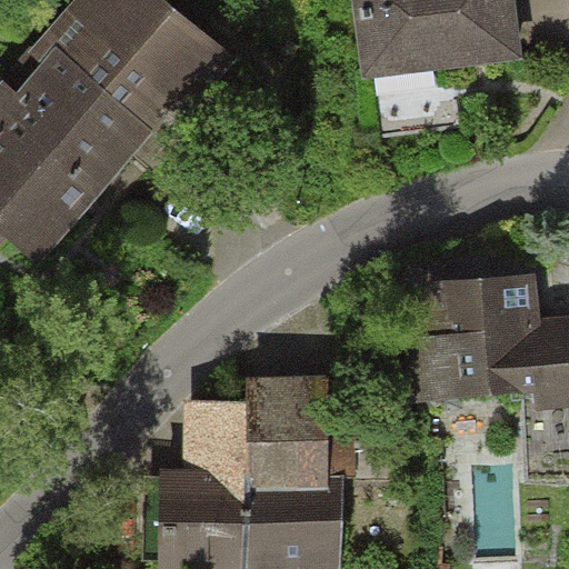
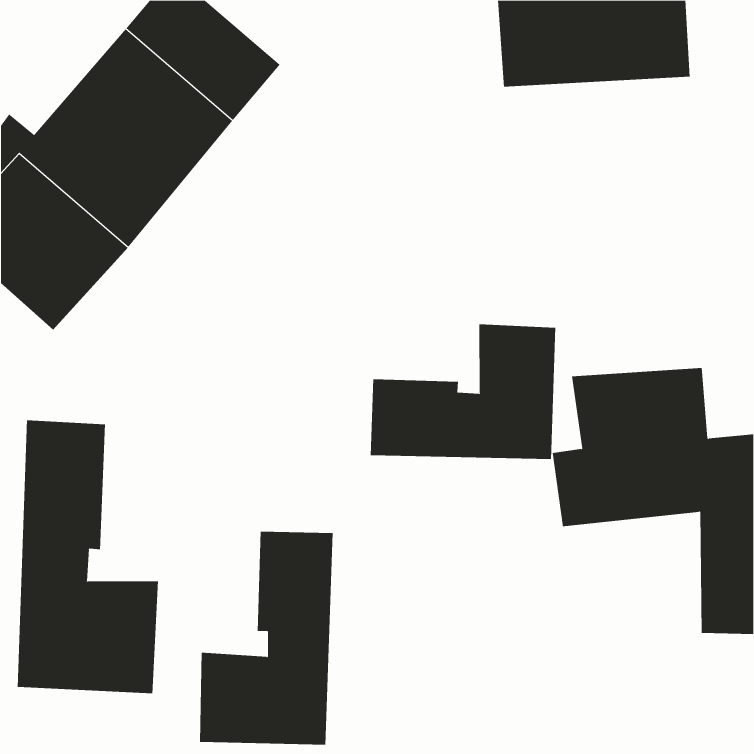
building: none -> [370,324,556,460]
building: none -> [17,420,159,694]
building: [246,399,341,561] -> none

